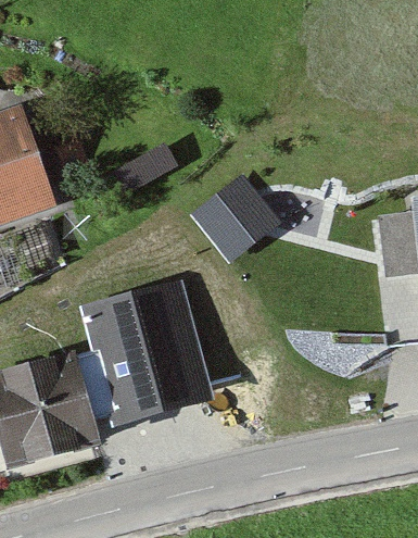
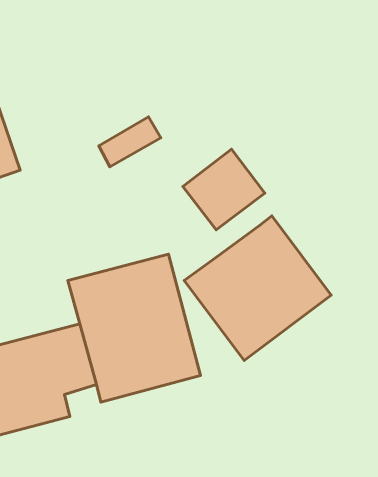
building: none -> [184,216,331,360]

